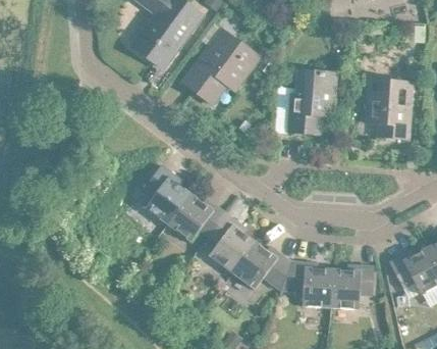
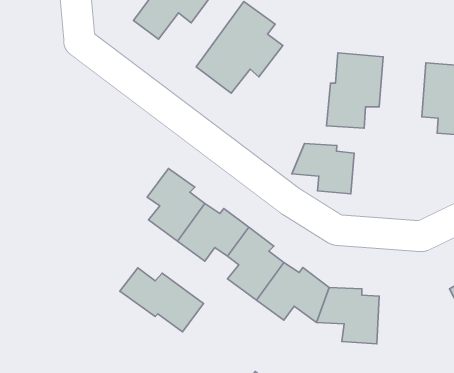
building: none -> [292,144,354,194]
building: none -> [120,268,203,332]
building: [330,265,374,309] -> none

